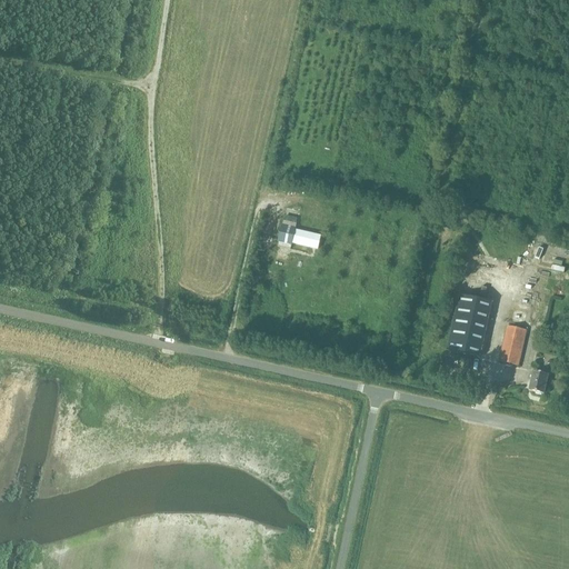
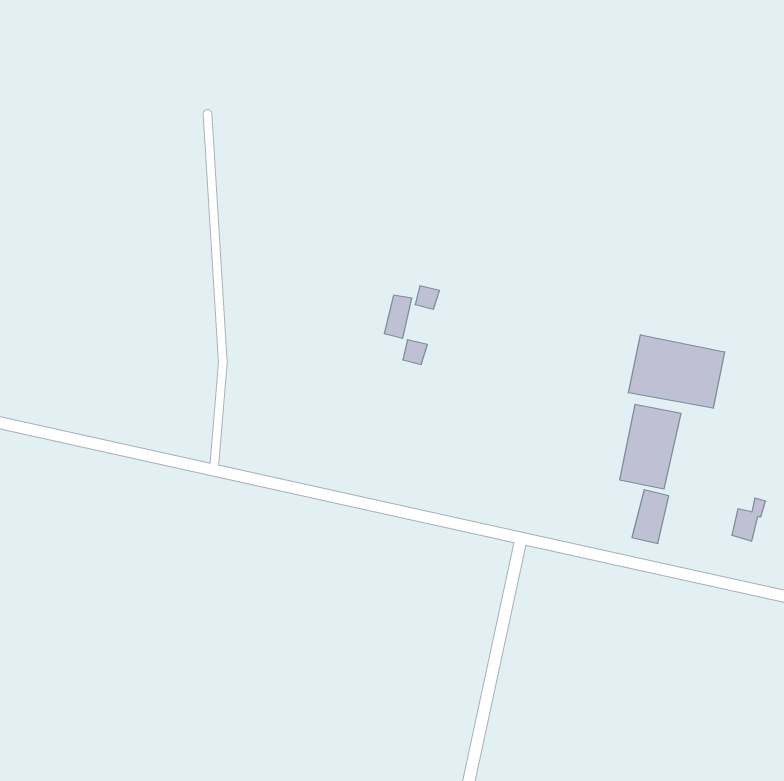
building: none -> [628,335,725,408]
building: [500,323,527,362] -> [632,490,669,544]

